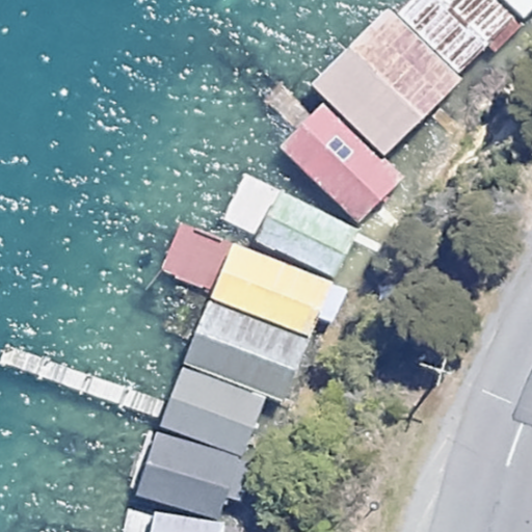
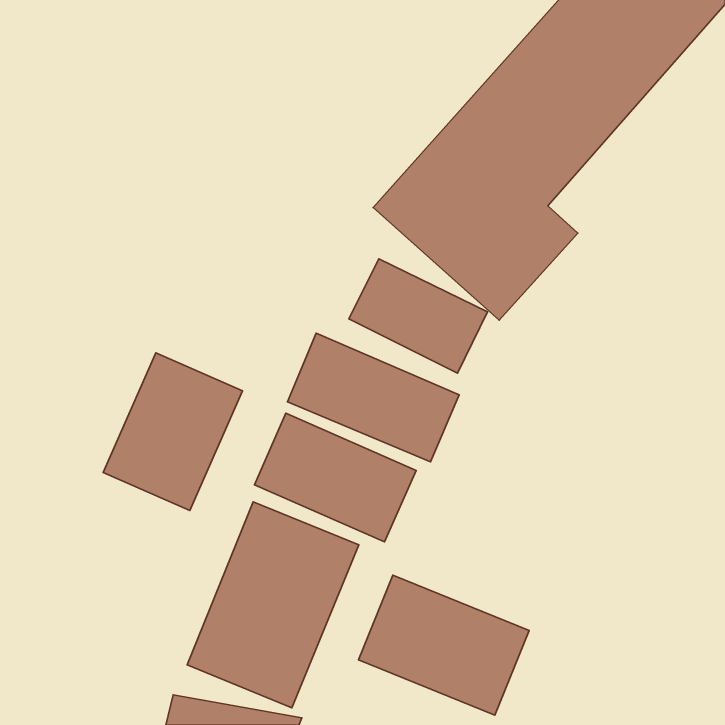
building: none -> [103,353,243,511]
building: none -> [359,575,529,715]

